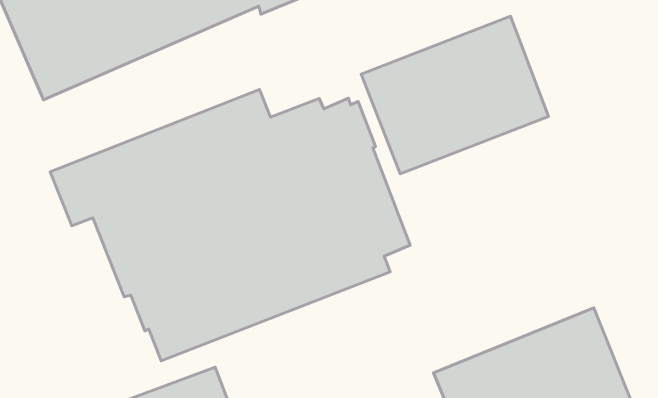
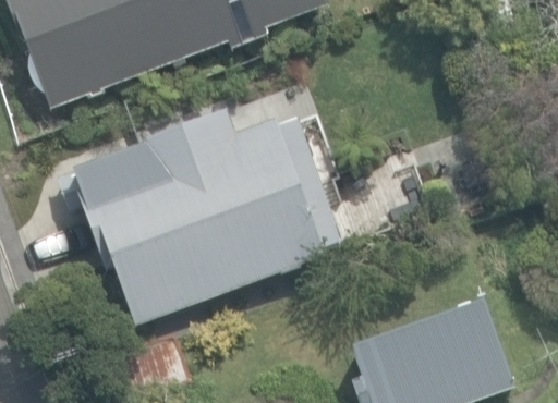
building: [361,16,549,174] -> none

